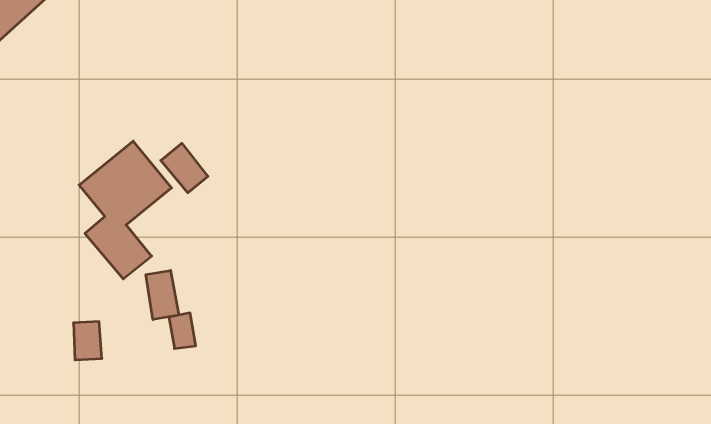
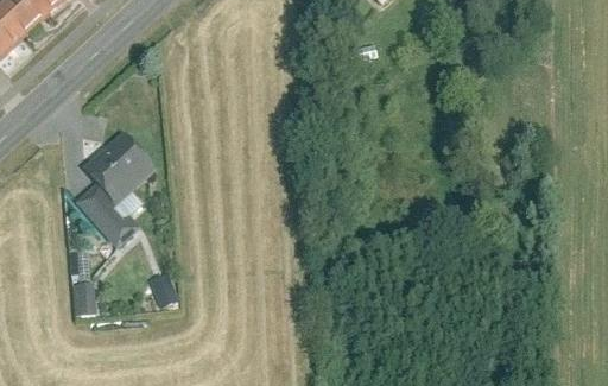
building: [161,143,208,193] -> none
building: [146,270,179,320] -> none

